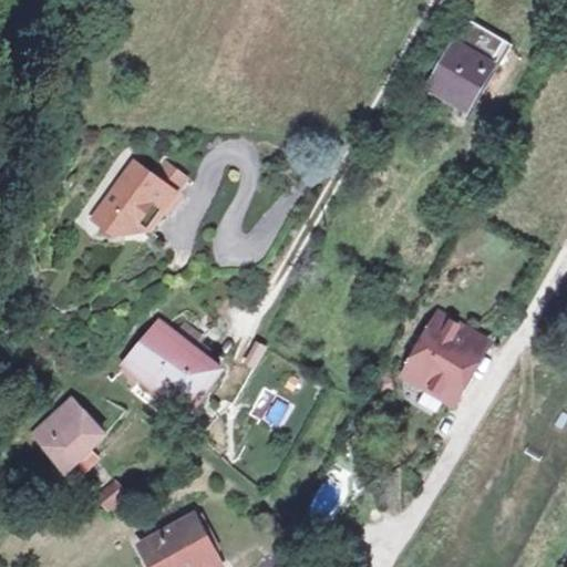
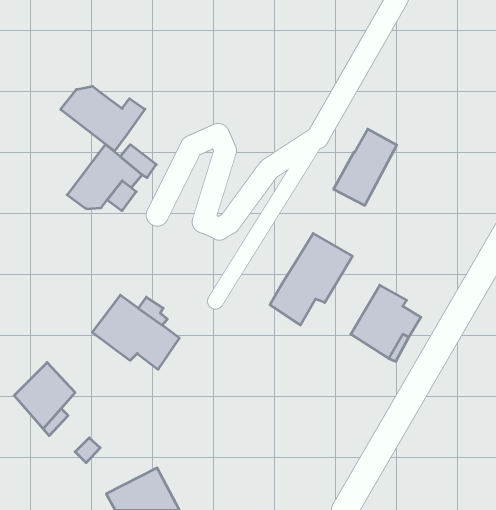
building: [427,18,497,102] -> [334,129,397,205]
building: none -> [61,86,145,151]
building: none -> [270,233,352,325]

